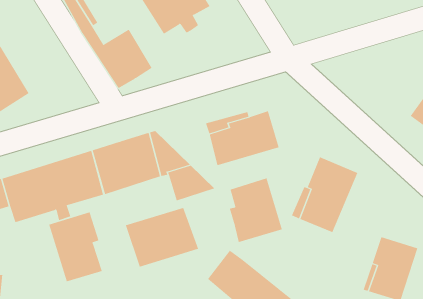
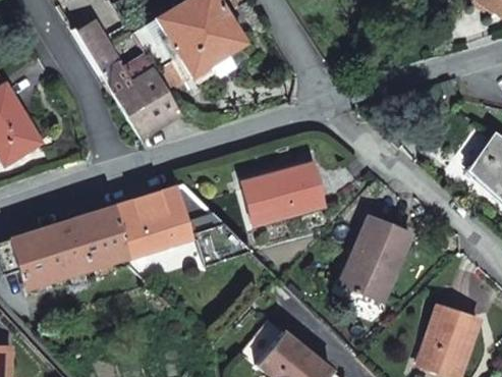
building: [229,177,282,243] -> none
building: [125,207,199,267] -> none
building: [48,211,103,282] -> none

